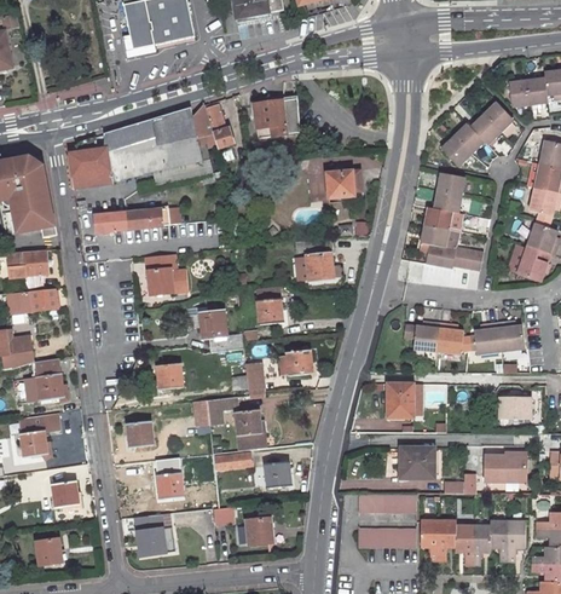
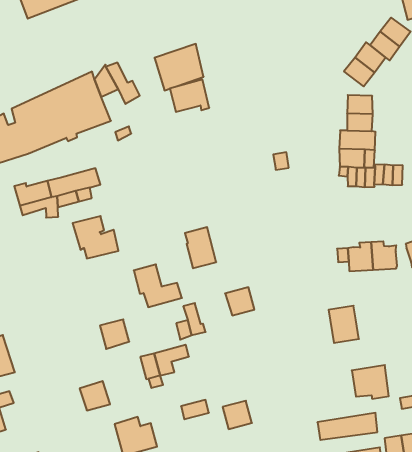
building: [326,168,363,198] -> [170,80,209,112]
building: [306,240,332,277] -> none
building: [236,411,261,451] -> none

